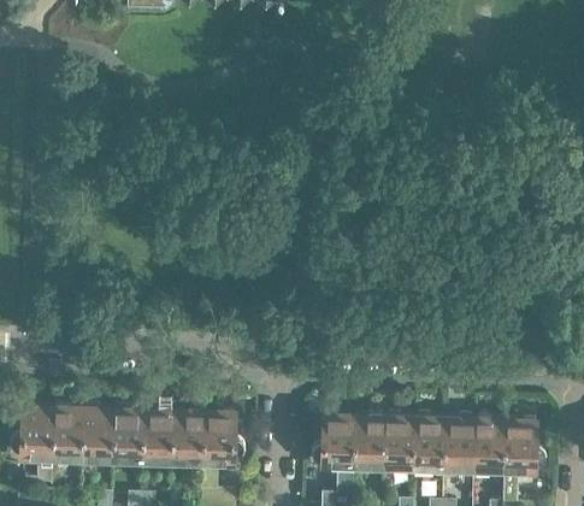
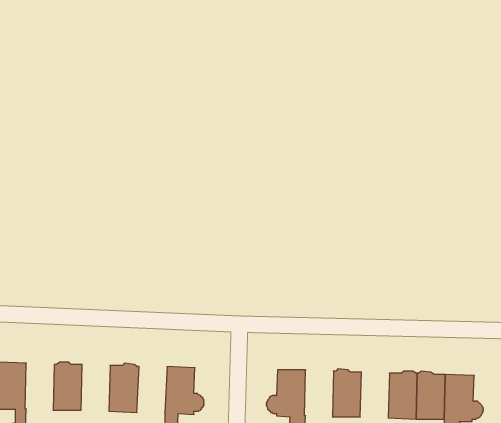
building: [52,408,83,461] -> none
building: [112,410,143,463] -> none
building: [172,412,205,464] -> none
building: [353,417,384,469] -> none
building: [413,418,444,470] -> none

